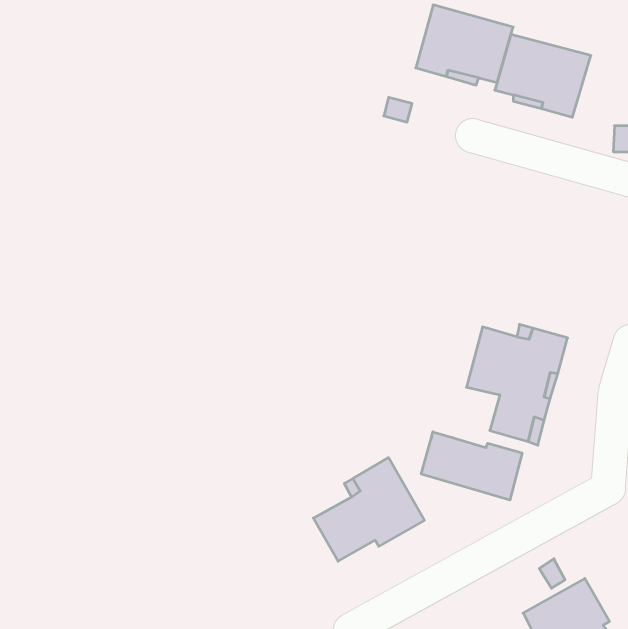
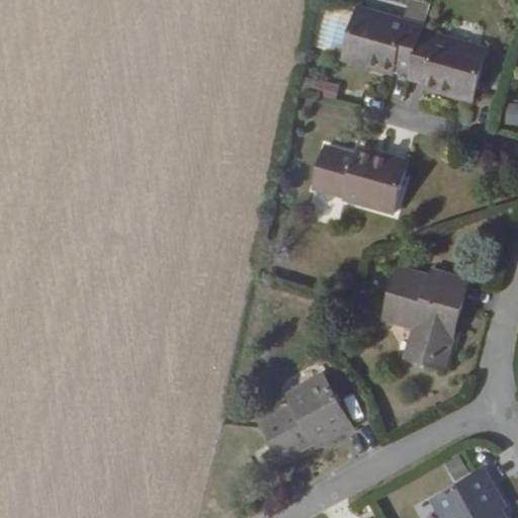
building: none -> [313,148,406,213]
building: [421,432,522,500] -> none

